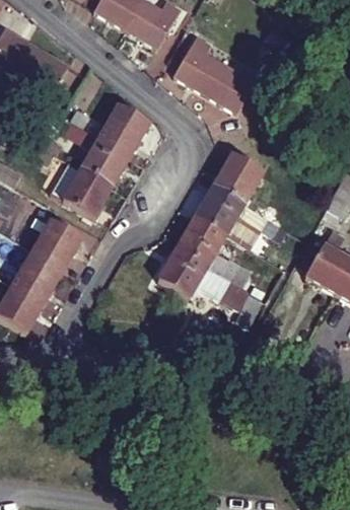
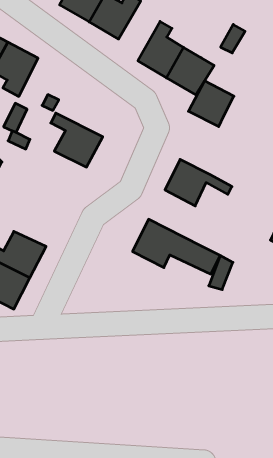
building: [99,101,151,153] -> none
building: [214,151,264,201] -> [188,81,234,127]
building: [51,158,114,215] -> none
building: [29,209,83,267] -> none
building: [177,214,239,277] -> none

